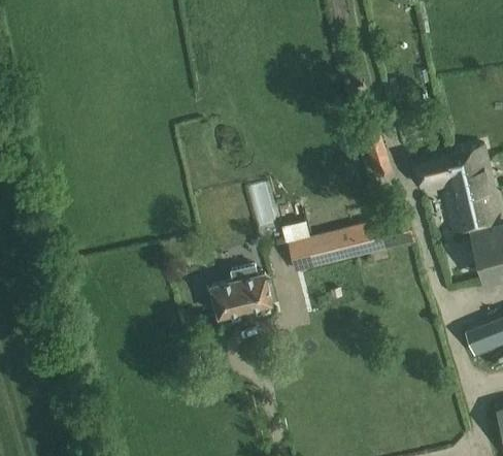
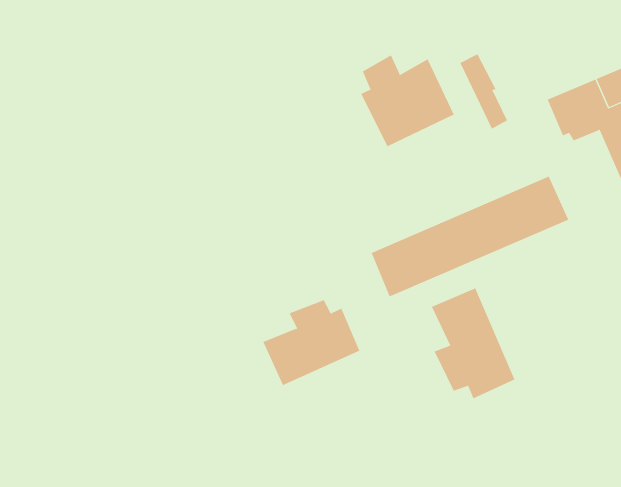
building: none -> [361,55,455,147]
building: none -> [431,287,515,399]

